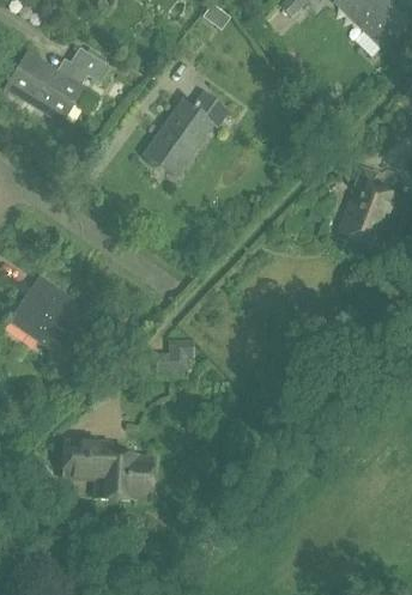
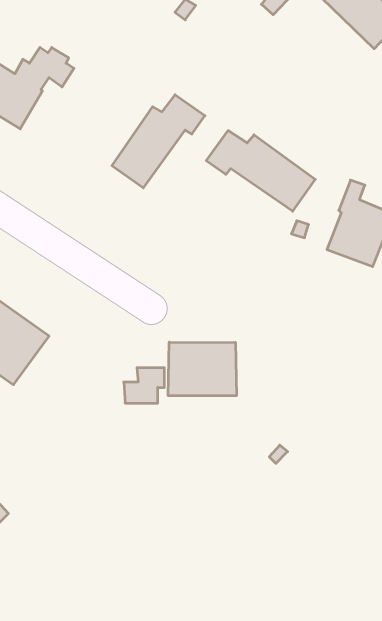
building: none -> [206,131,315,211]
building: none -> [168,342,236,396]
building: [62,439,151,499] -> none

